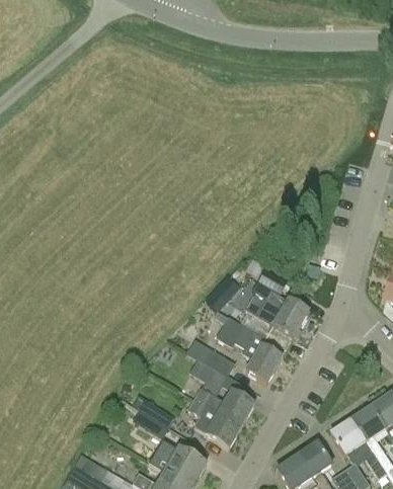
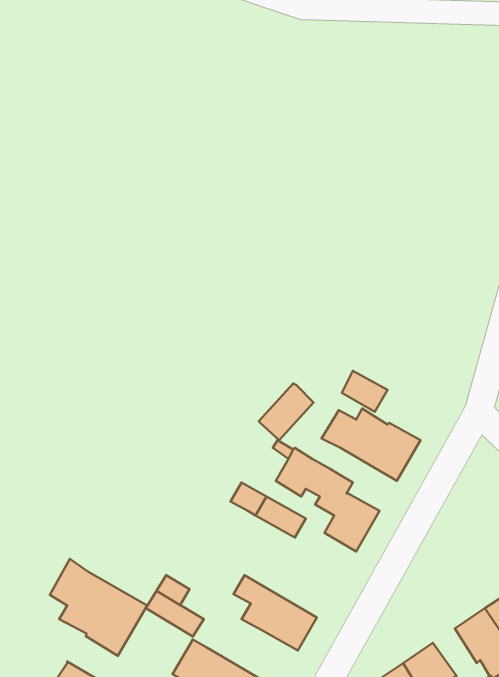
building: [189,356,228,386] -> none
building: none -> [50,559,147,656]
building: [195,390,255,425] -> none

